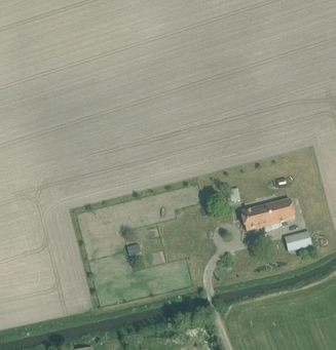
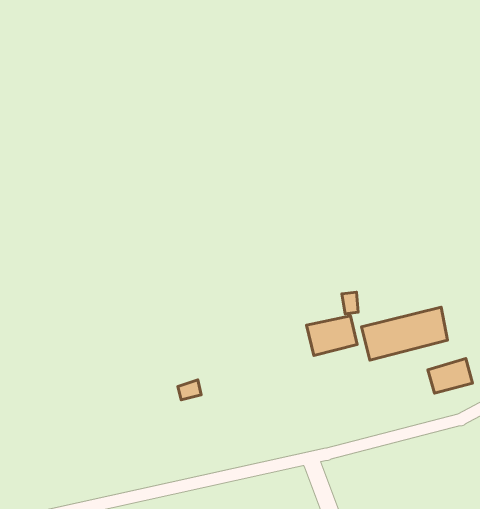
building: none -> [306,316,357,355]

